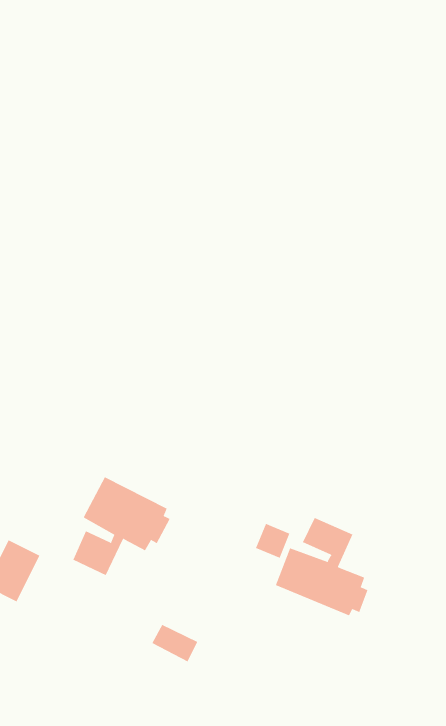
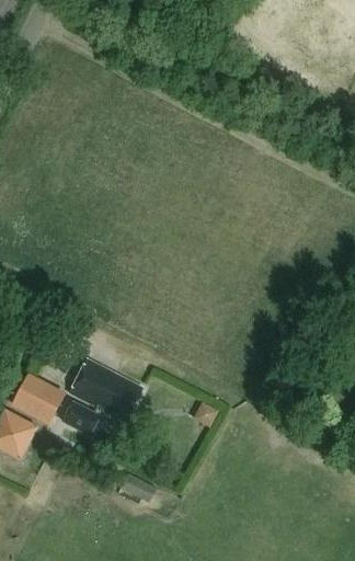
building: none -> [23,380,59,414]
building: [275,517,368,616] -> none

